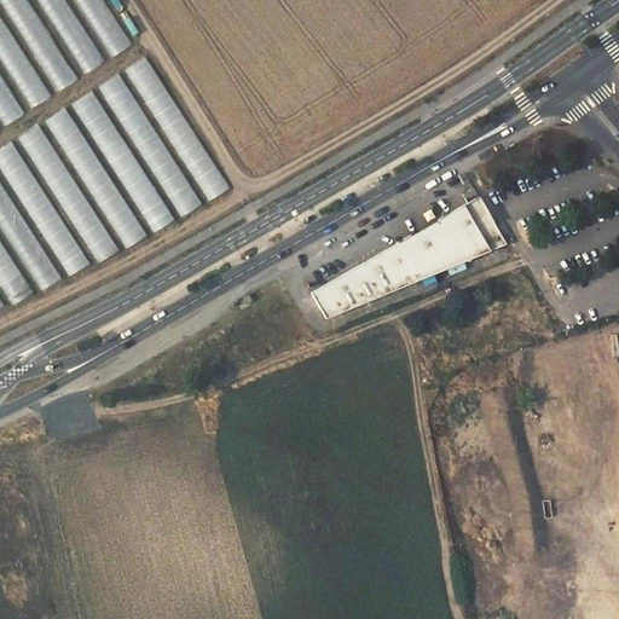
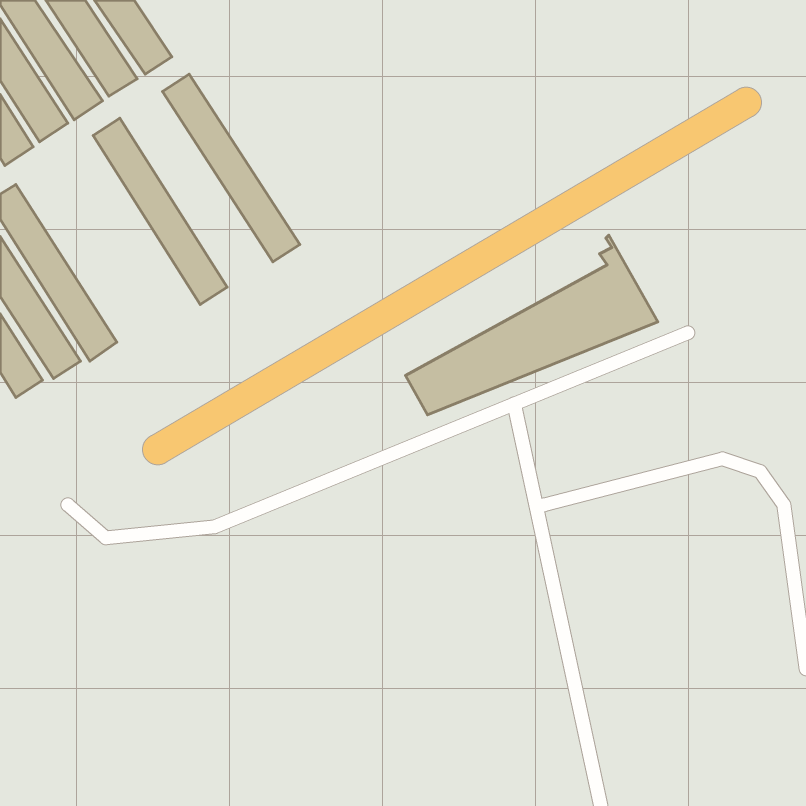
building: [98,74,202,216] -> none
building: [45,108,147,249] -> none
building: [18,125,118,264] -> none

